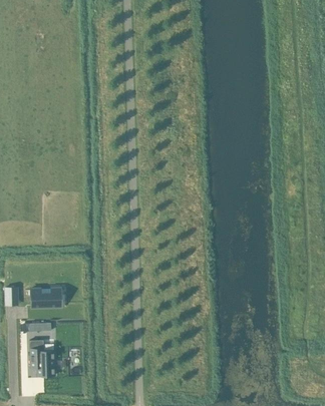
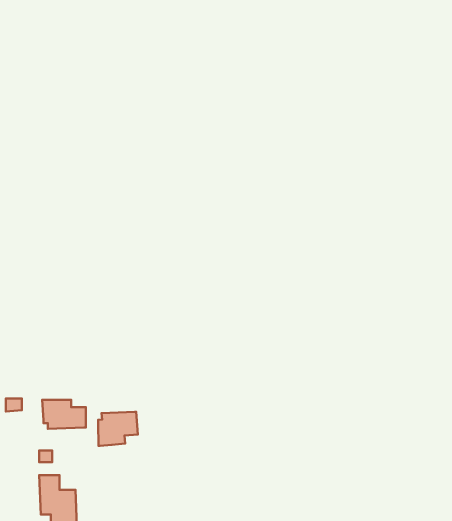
building: none -> [98,412,138,446]

